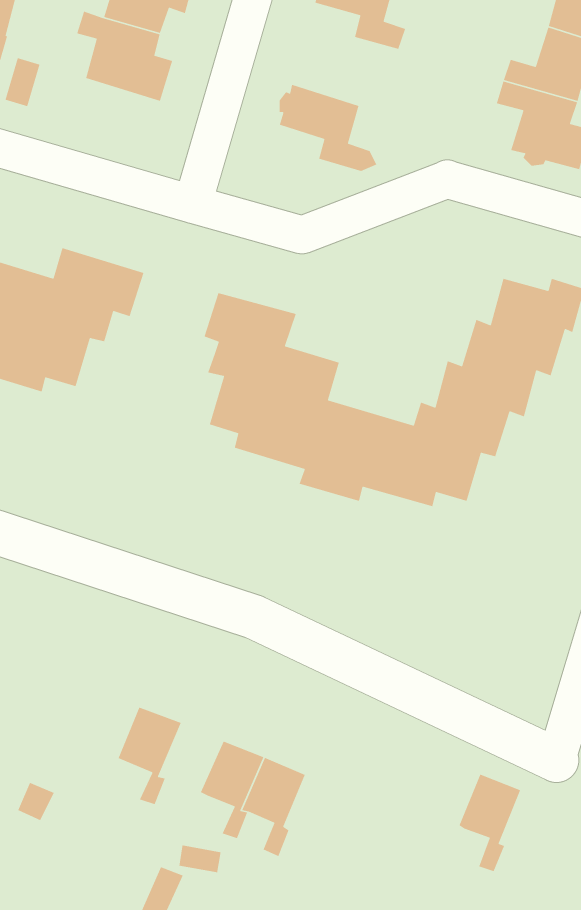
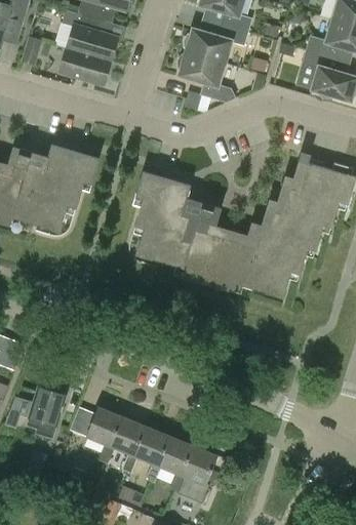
building: none -> [184,24,246,63]
building: none -> [60,47,110,84]
building: none -> [24,386,64,438]
building: none -> [109,415,146,473]
building: [458,774,521,872] -> [181,445,216,501]

